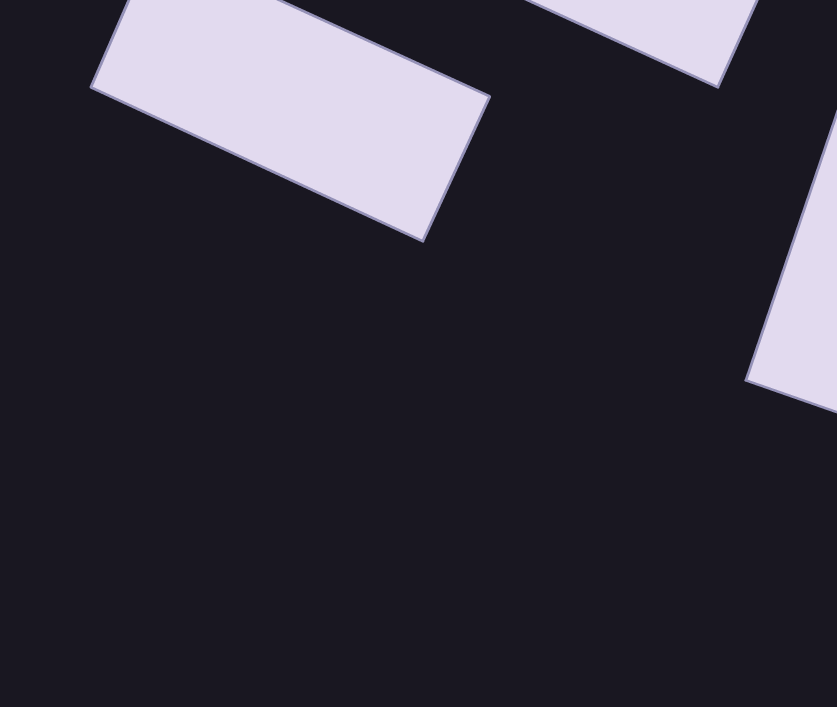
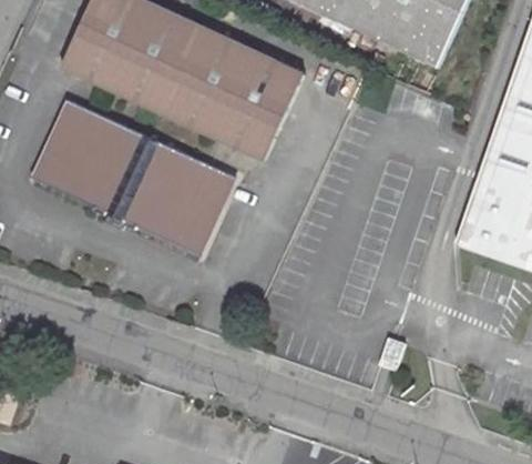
building: none -> [32,101,236,256]

